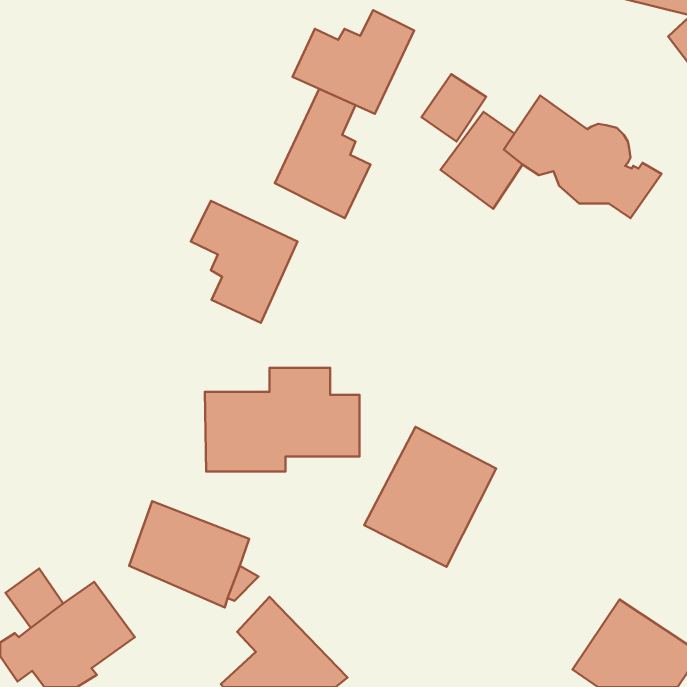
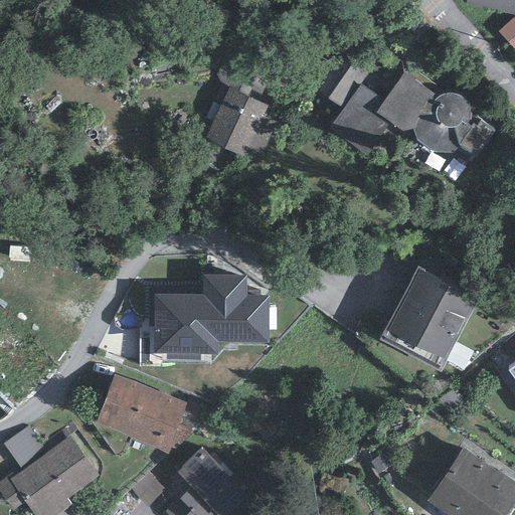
building: [293,10,414,114] -> none
building: [191,201,297,323] -> none
building: [364,427,496,567] -> [378,266,477,370]

